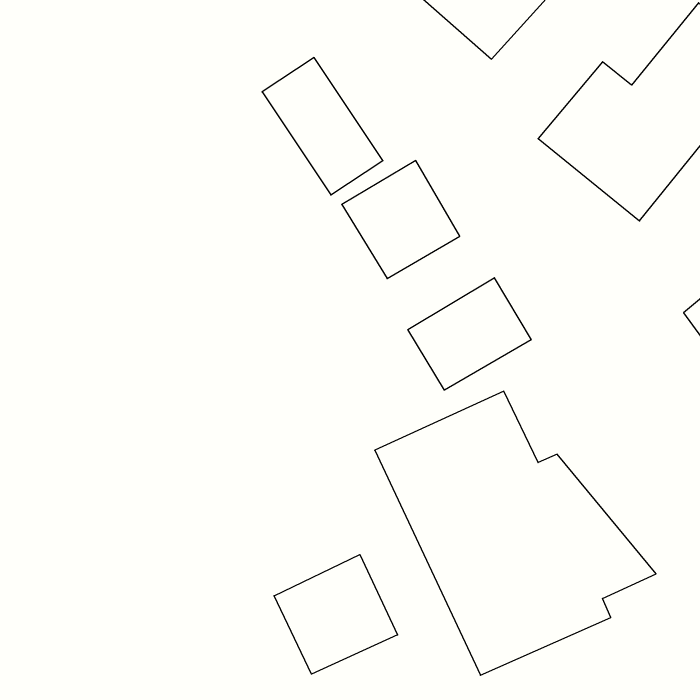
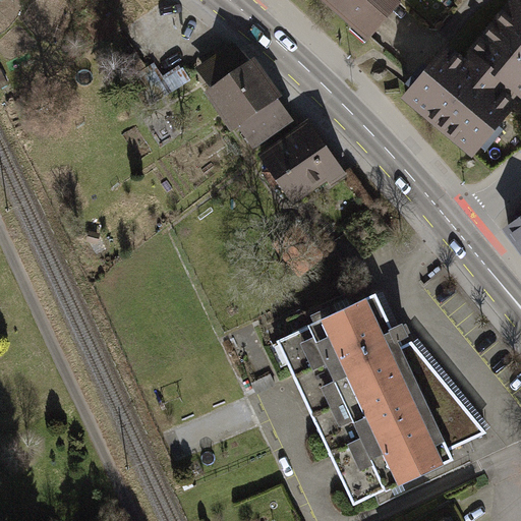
building: [408,278,531,390] -> none
building: [274,555,398,674] -> none

